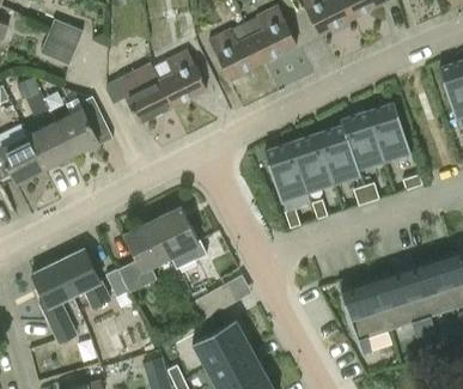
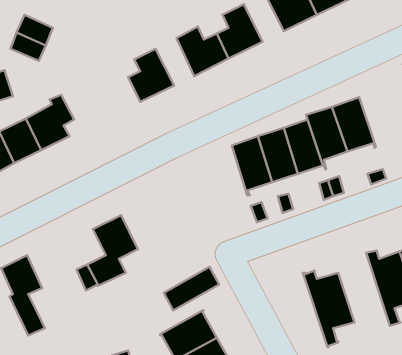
building: [117,62,172,123] -> none
building: [153,207,207,271] -> none
building: [57,249,110,309] -> none
building: [373,260,426,338] -> none

